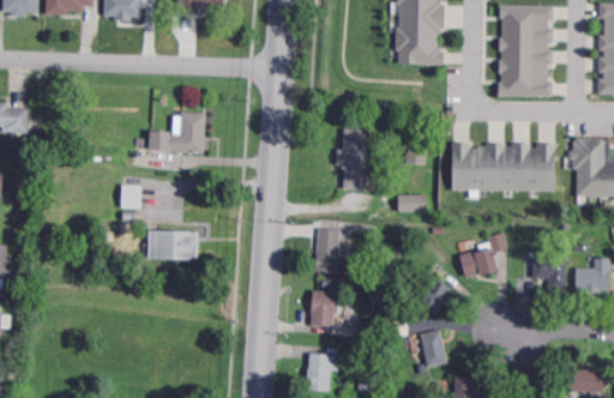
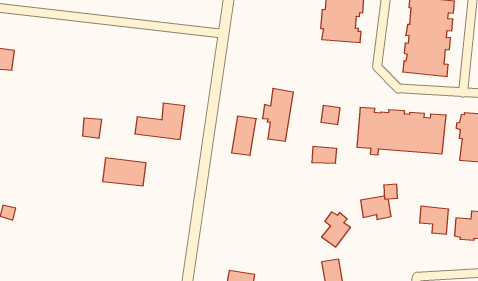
building: [149,111,206,153] -> [135,103,185,139]
building: [314,228,341,273] -> [232,116,256,155]
building: [309,290,336,326] -> none

